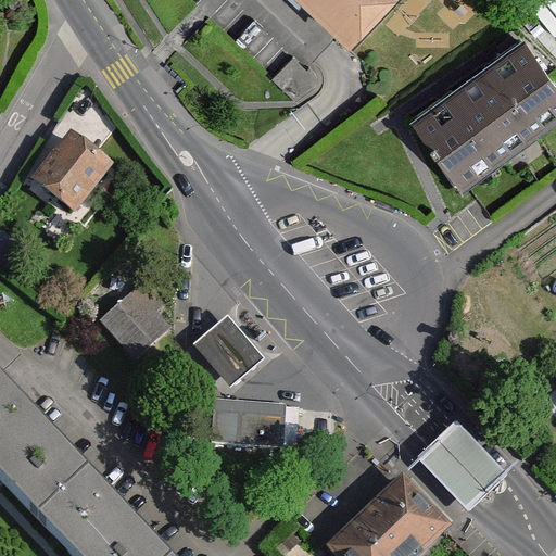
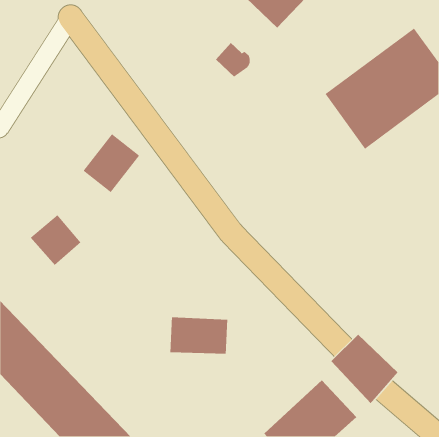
building: [36,135,109,211] -> [82,133,140,193]
building: [105,292,170,357] -> [30,214,82,266]
building: [193,315,265,388] -> none

